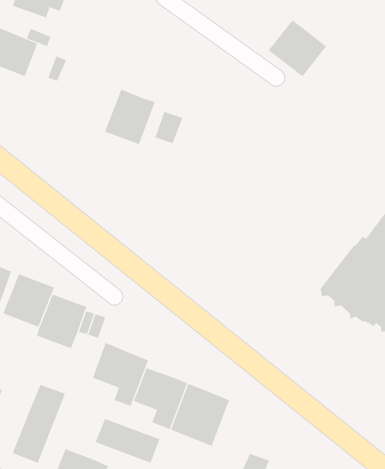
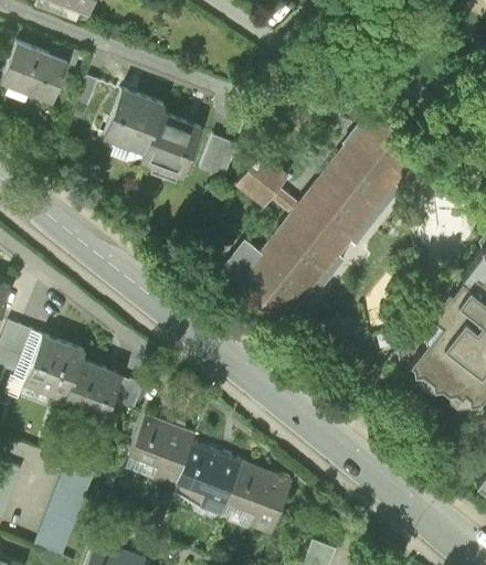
building: [268,20,327,77] -> none
building: none -> [102,90,163,157]
building: none -> [219,113,420,323]
building: [95,418,160,464] -> none

